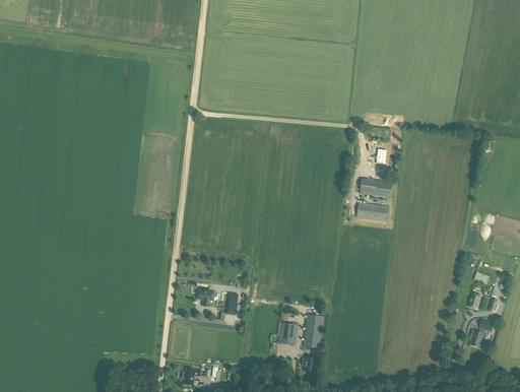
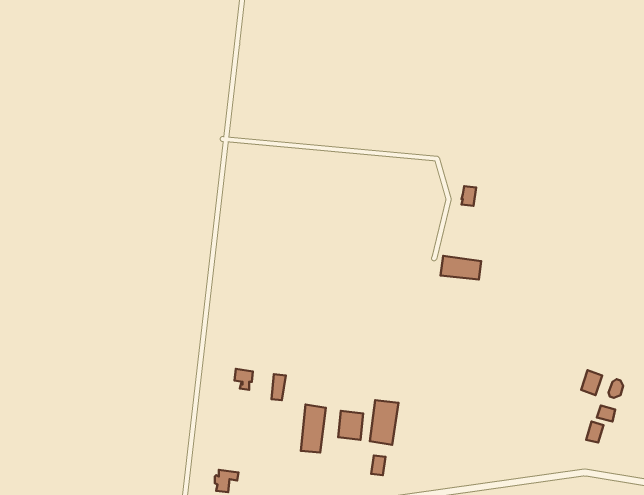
building: [361,178,392,197] -> none
building: none -> [301,405,326,452]

